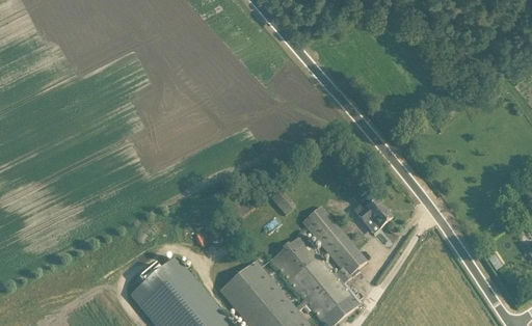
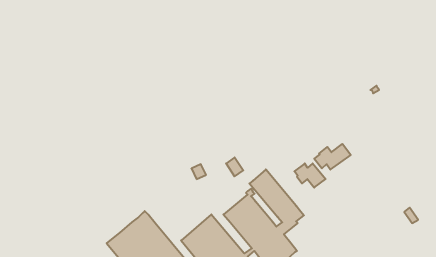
building: none -> [314,144,351,170]

